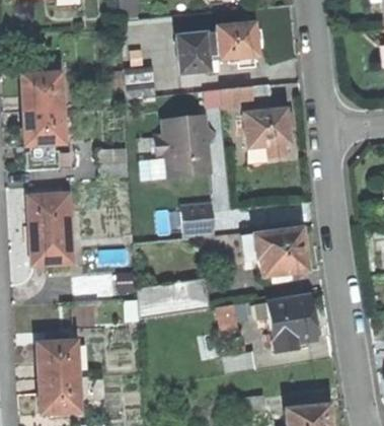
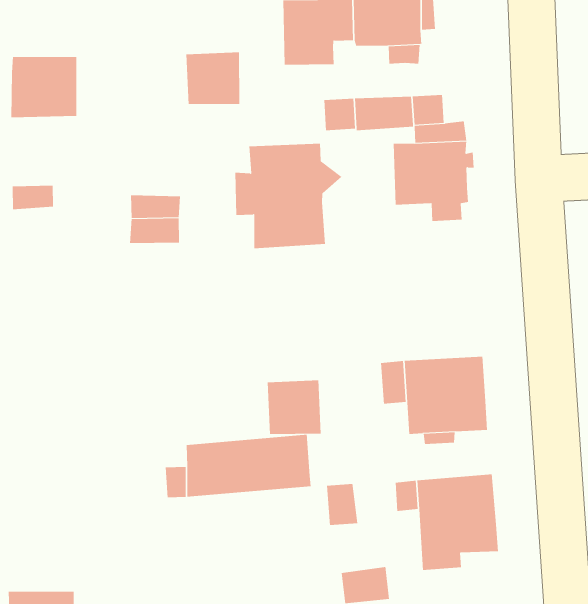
building: [27,108,67,145] -> none
building: [33,195,75,264] -> none
building: [180,203,213,235] -> [267,380,322,434]
building: [41,341,79,377] -> none

